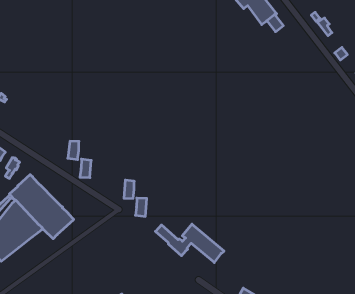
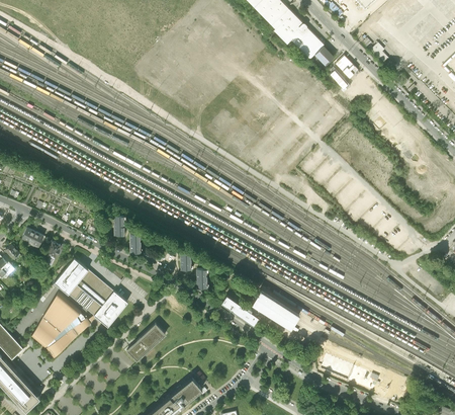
building: none -> [125,324,166,363]

